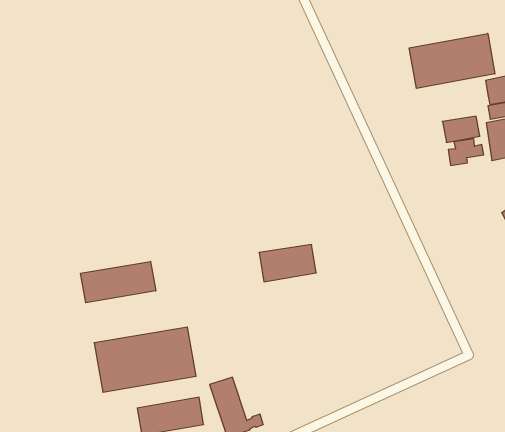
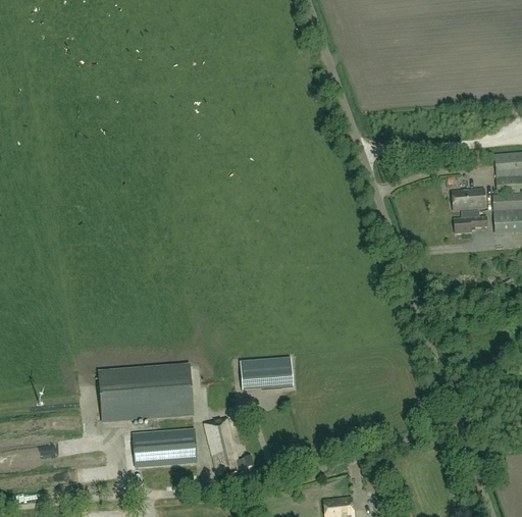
building: [409,33,495,88] -> none
building: [259,245,316,282] -> [240,356,293,387]
building: [81,261,156,303] -> none

